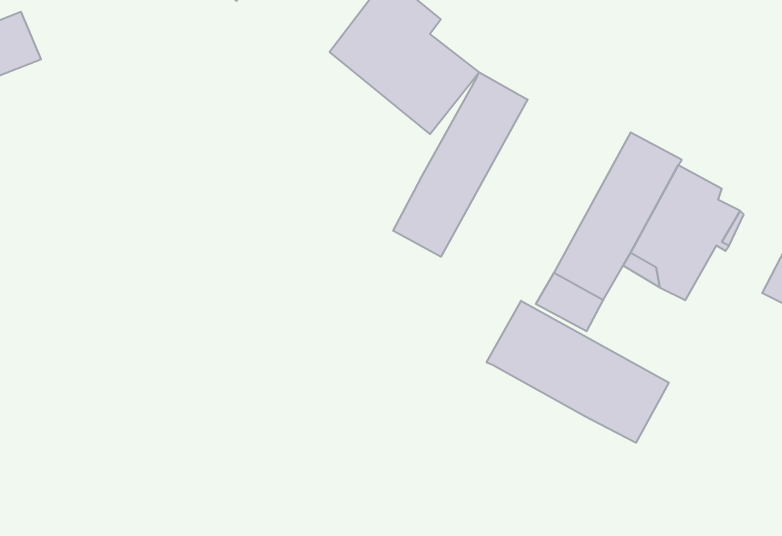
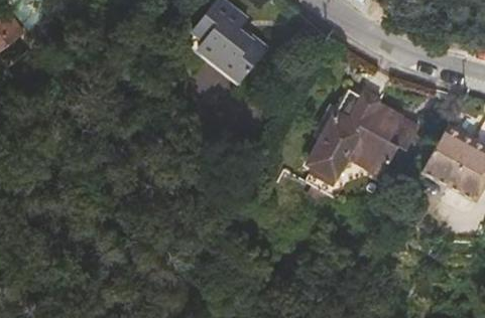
building: [393,72,528,257] -> none
building: [487,301,669,443] -> none

